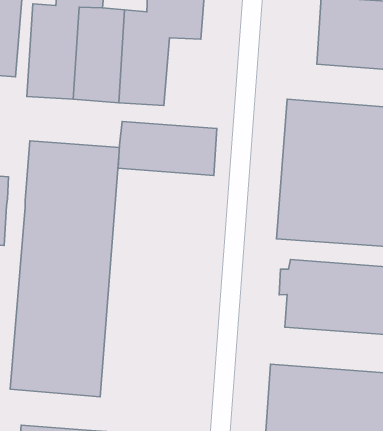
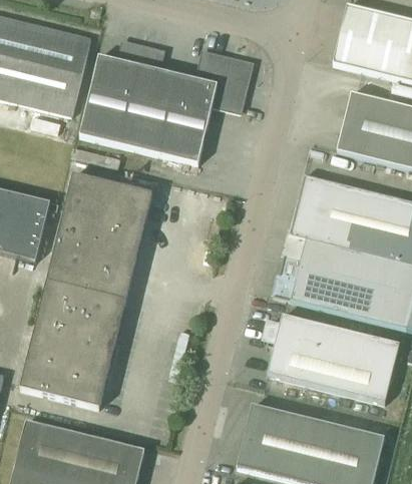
building: [118,121,217,176] -> none

